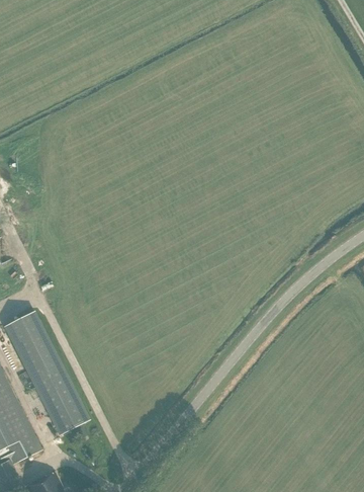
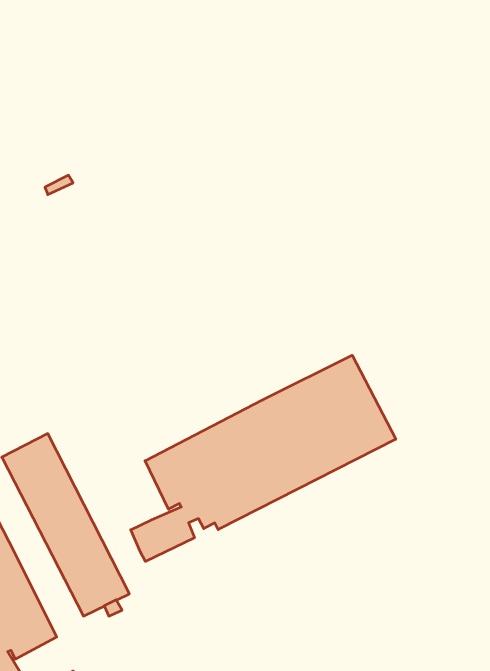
building: none -> [131,355,396,561]

